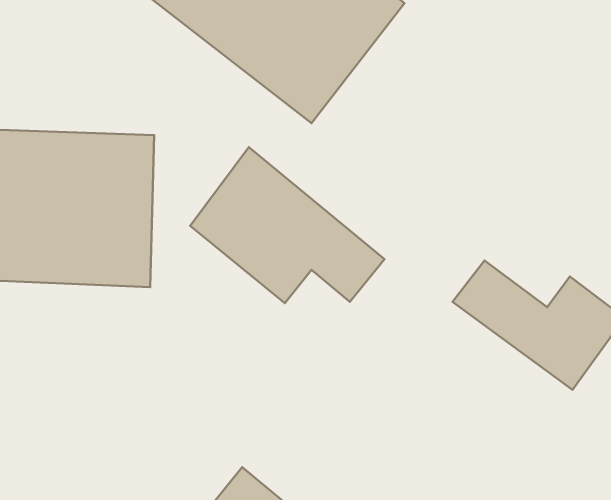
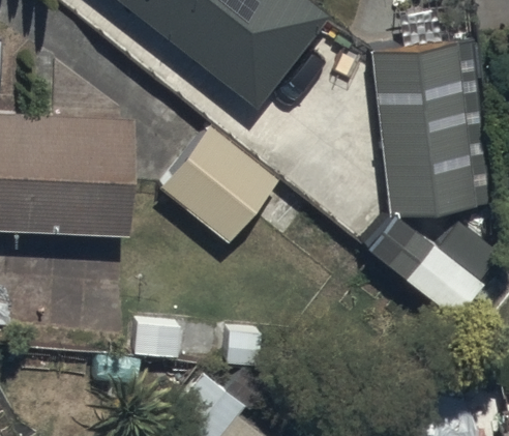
building: none -> [370,41,472,208]

